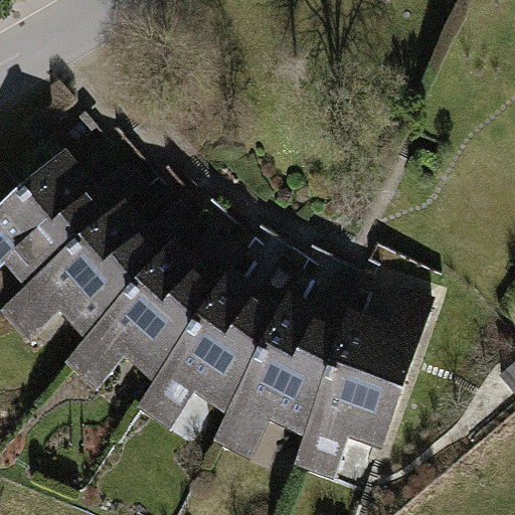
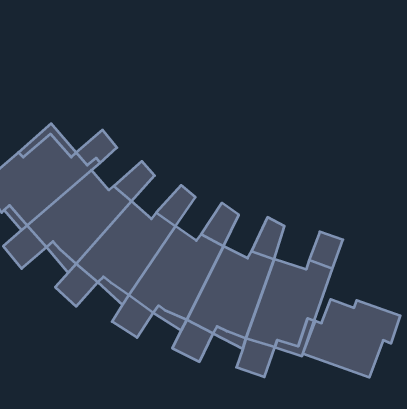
building: none -> [303,299,400,377]

